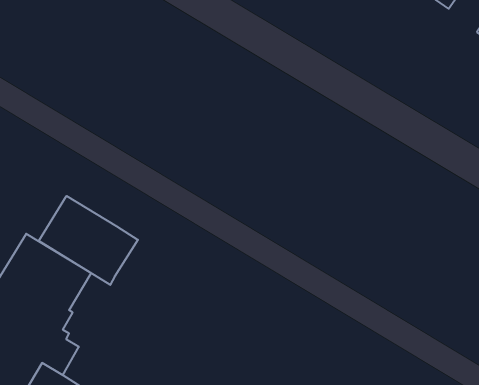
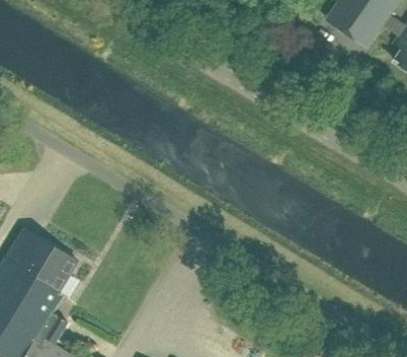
building: [39,196,138,285] -> none

